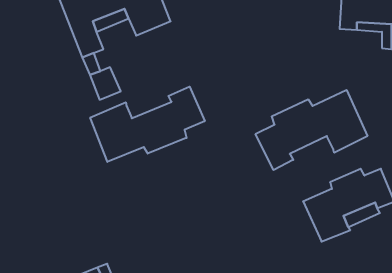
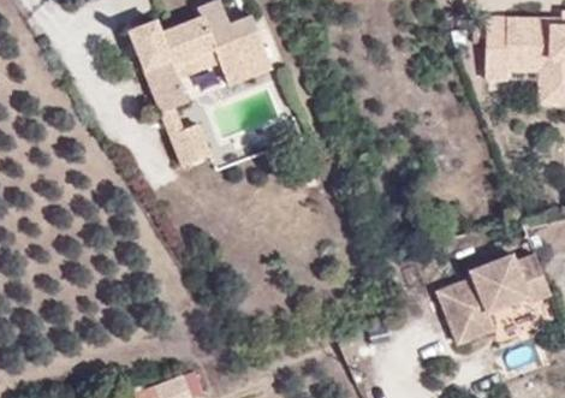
building: [90,87,205,162] -> none
building: [256,90,367,170] -> none

